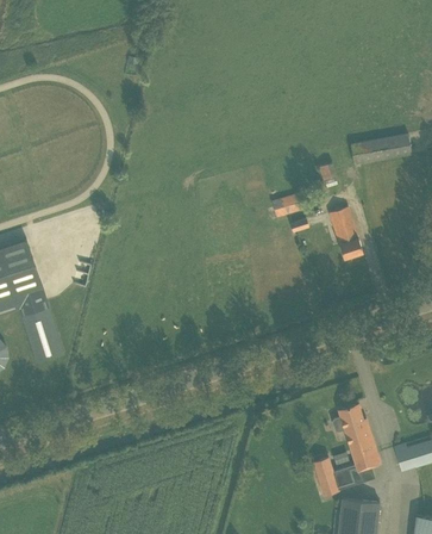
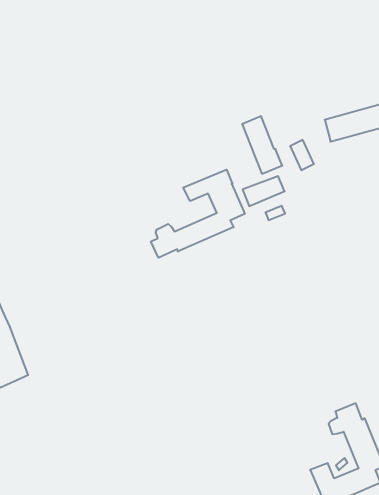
building: none -> [151,170,245,258]
building: [330,205,363,257] -> [242,116,282,174]

